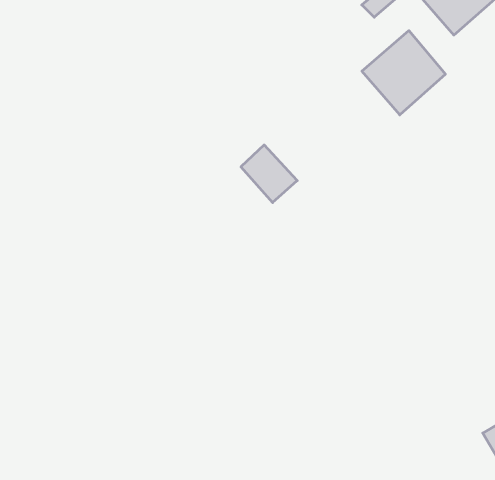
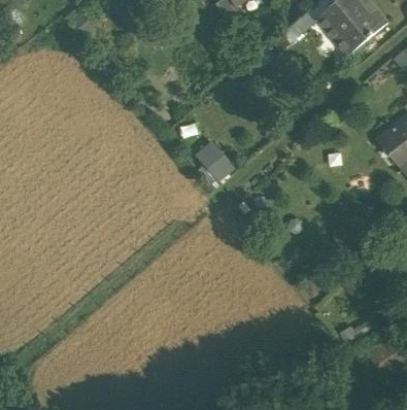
building: [362,31,445,115] -> none

